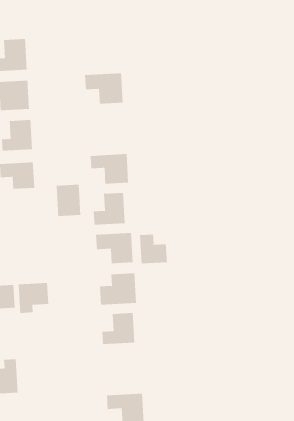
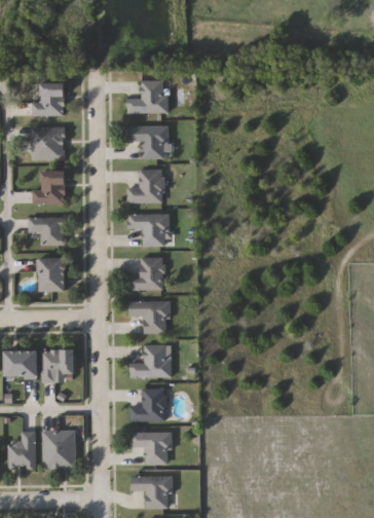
building: none -> [126,80,167,113]
building: none -> [127,169,162,202]
building: [56,184,81,216] -> [40,257,66,291]
building: [139,234,167,264] -> none
building: none -> [130,432,171,465]
building: none -> [43,431,75,468]

